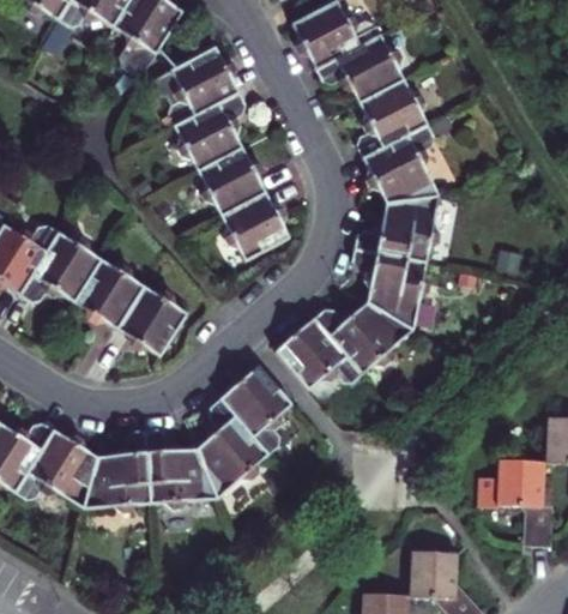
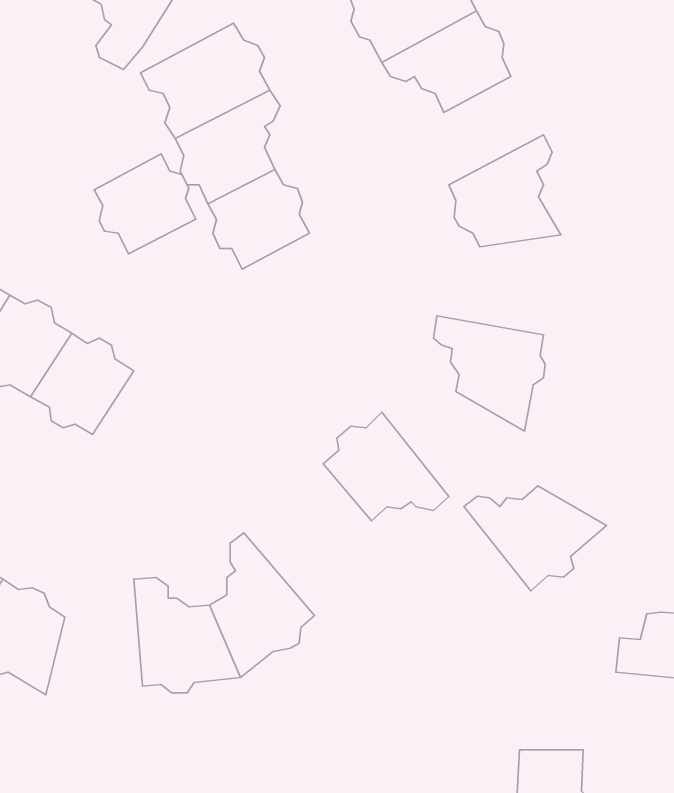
building: [356,80,429,156] -> none
building: [219,189,290,259] -> [94,154,196,254]
building: [355,191,441,260] -> none
building: [115,285,187,357] -> none
building: [316,300,416,373] -> [464,486,607,591]
building: [220,365,295,456] -> none
building: [83,431,150,513] -> none

